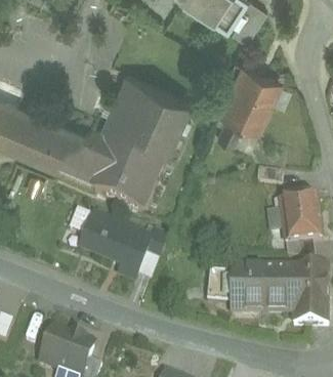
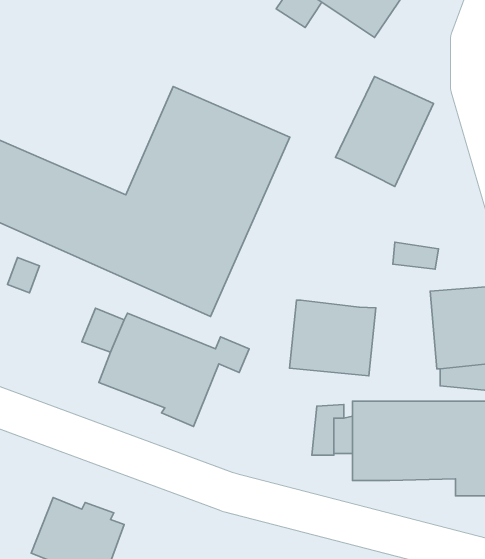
building: [214,118,245,150] -> none
building: none -> [290,300,376,376]

